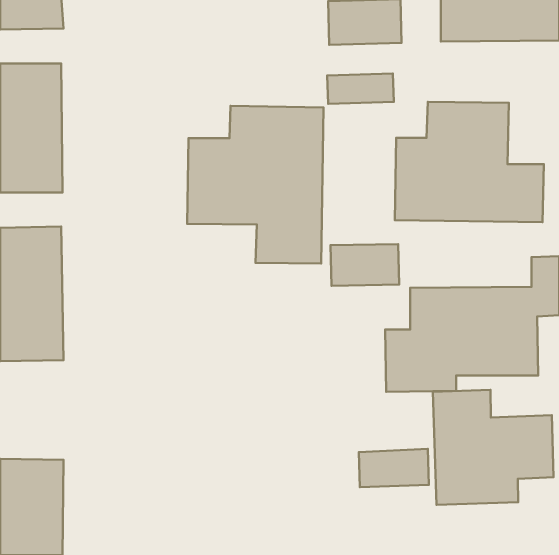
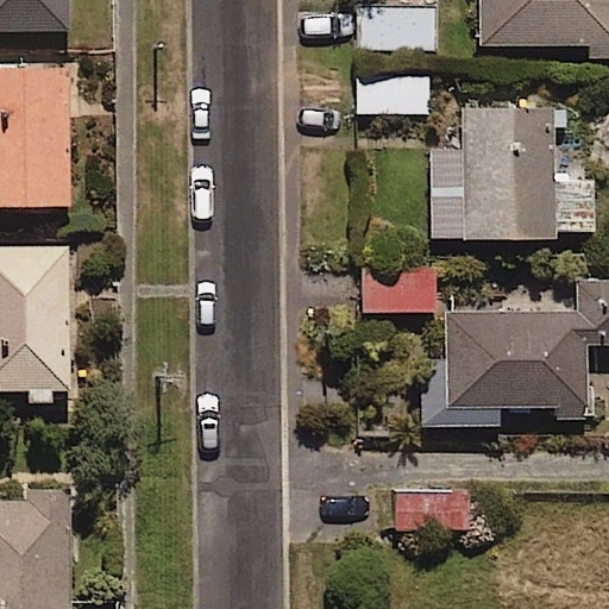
building: [187,106,324,263] -> none
building: [433,390,554,505] -> none

